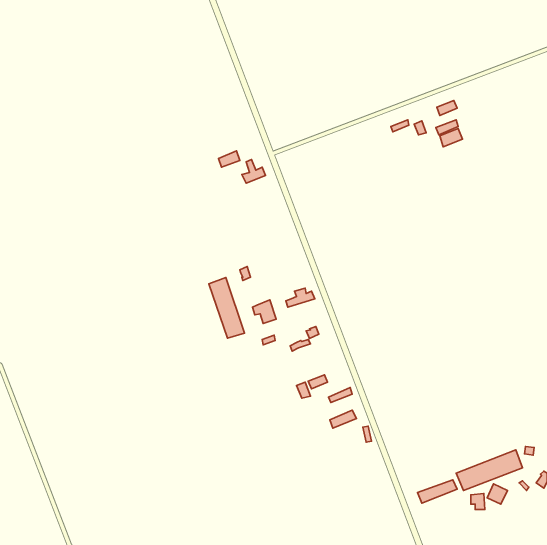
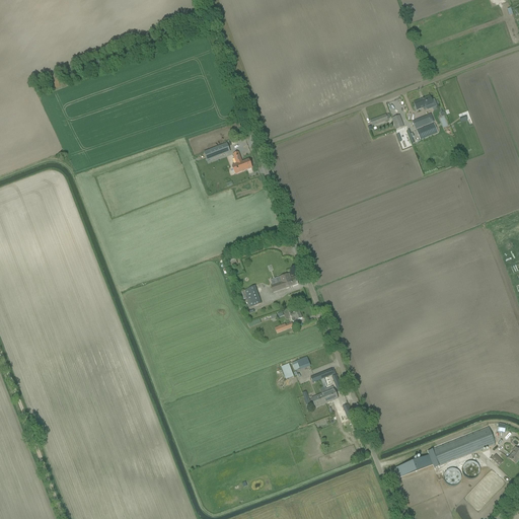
building: [209,277,244,338] -> none

